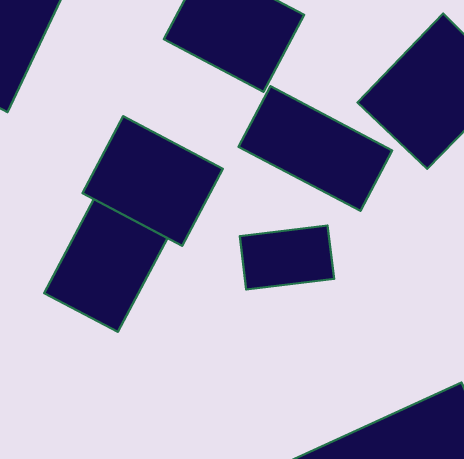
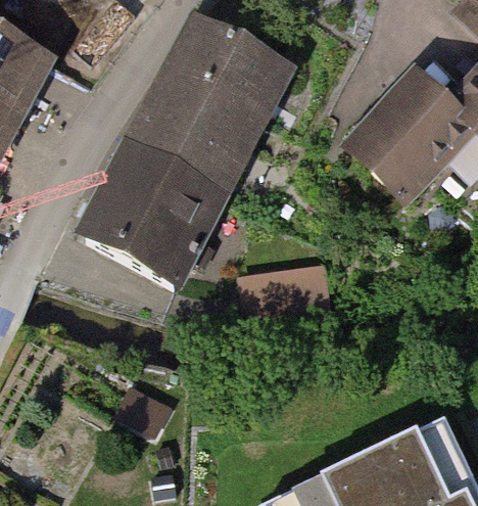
building: none -> [118,87,252,211]
building: [239,86,392,211] -> none
building: [44,199,168,332] -> none

